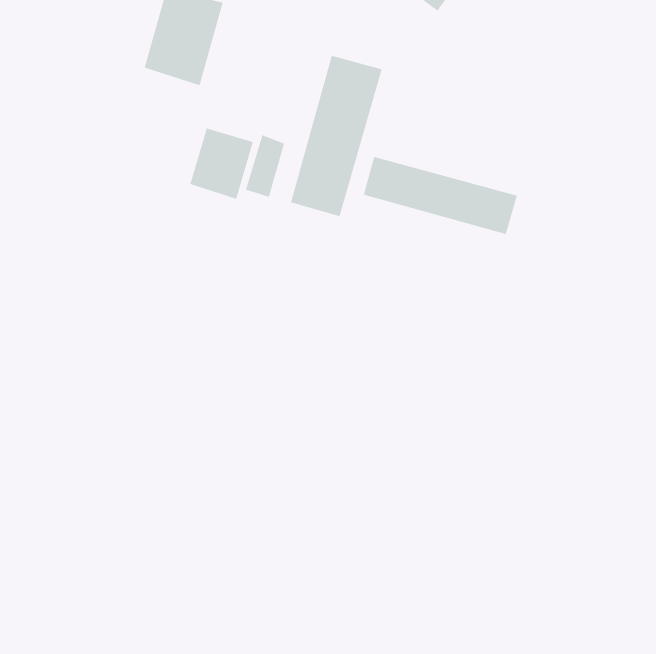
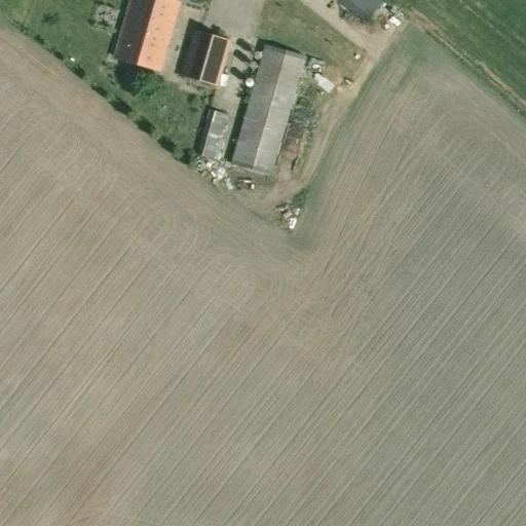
building: [189,128,254,199] -> [180,29,231,86]
building: [363,156,517,235] -> none

